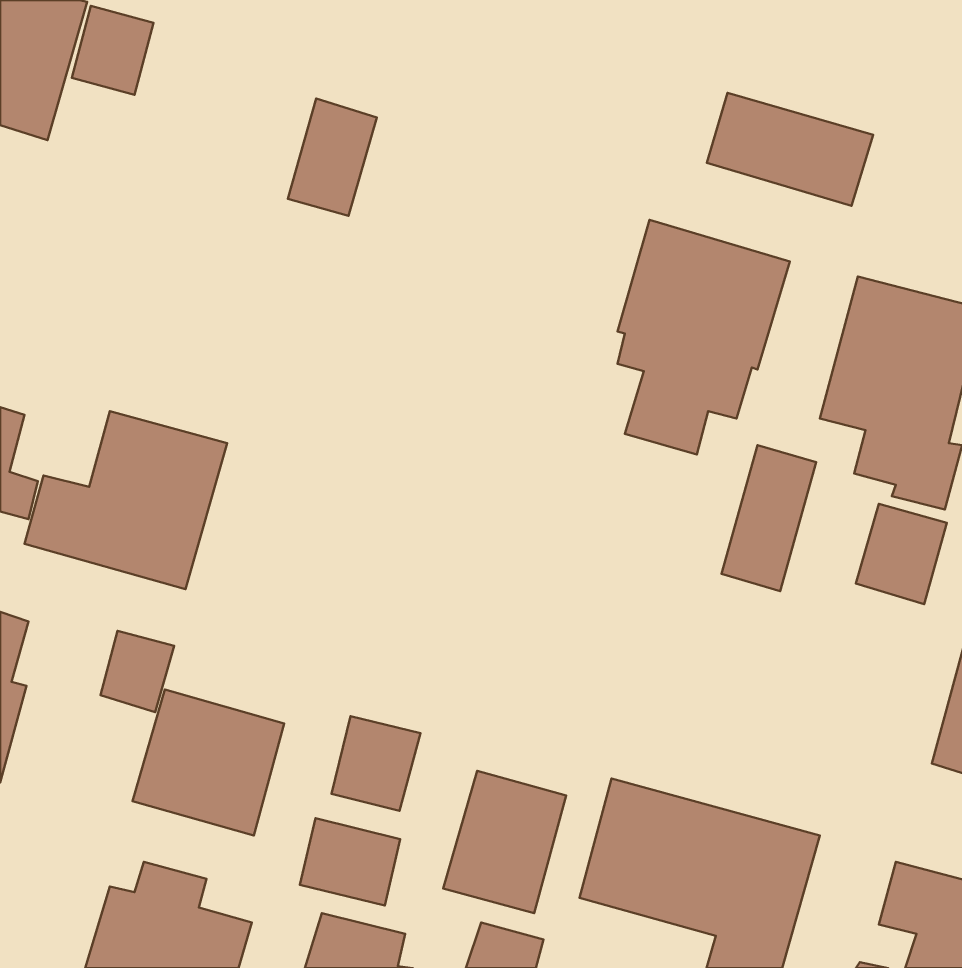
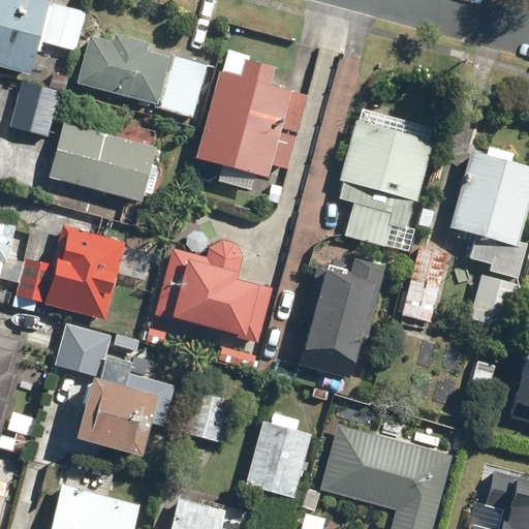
building: none -> [77,34,172,105]
building: [707,93,873,206] -> none
building: none -> [195,58,308,179]
building: none -> [9,80,61,138]
building: none -> [49,123,158,203]
building: none -> [155,240,273,344]
building: none -> [295,256,387,397]
building: [300,818,400,906] -> none

